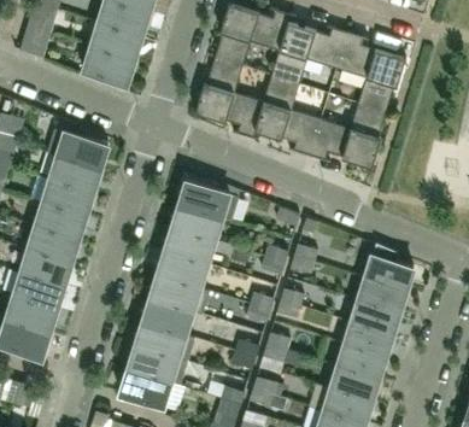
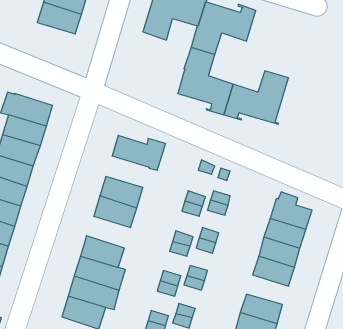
building: [335,33,405,112] -> none
building: [82,47,134,84] -> none
building: [193,58,263,140] -> none
building: [170,204,221,241] -> none
building: [147,275,209,315] -> none
building: [335,344,385,379] -> none

